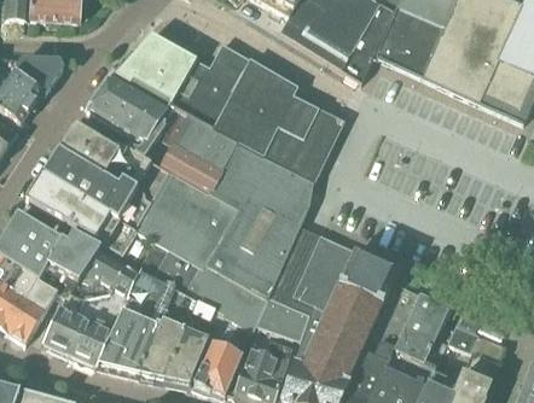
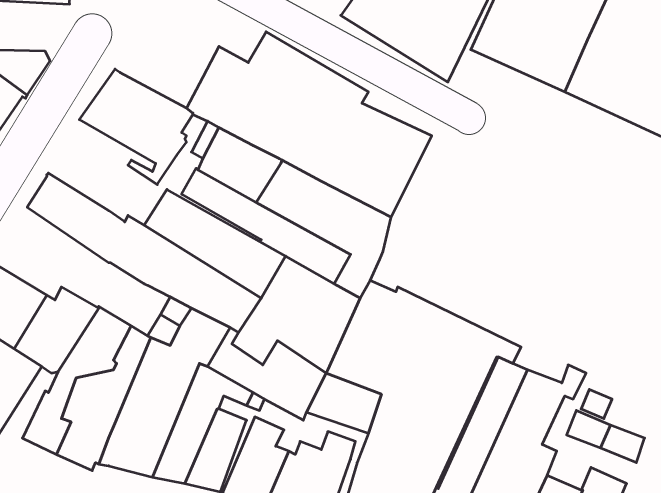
building: [115,33,188,99] -> none
building: [62,123,150,186] -> none
building: [31,173,135,256] -> none

